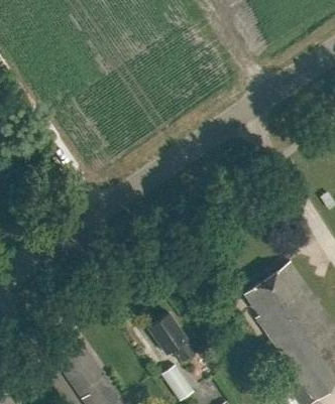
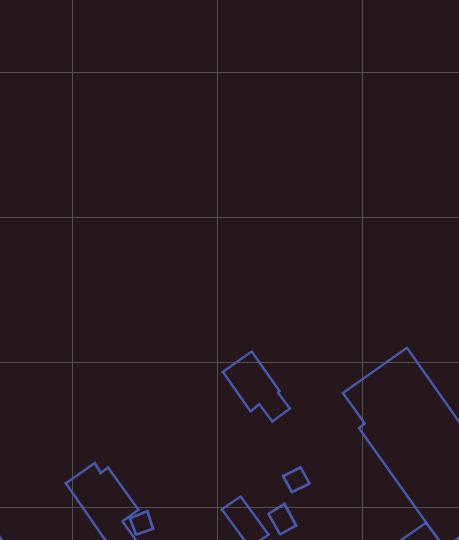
building: [149,315,196,364] -> [223,352,290,422]

